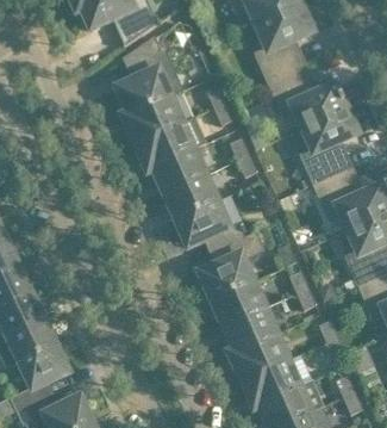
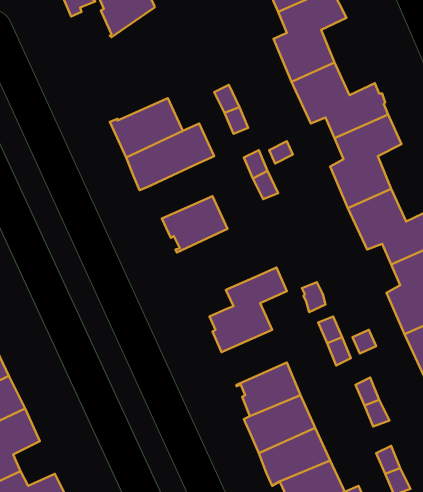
building: [120,36,183,112] -> none
building: [152,147,205,191] -> none
building: [176,199,243,248] -> none
building: [212,280,264,324] -> none

